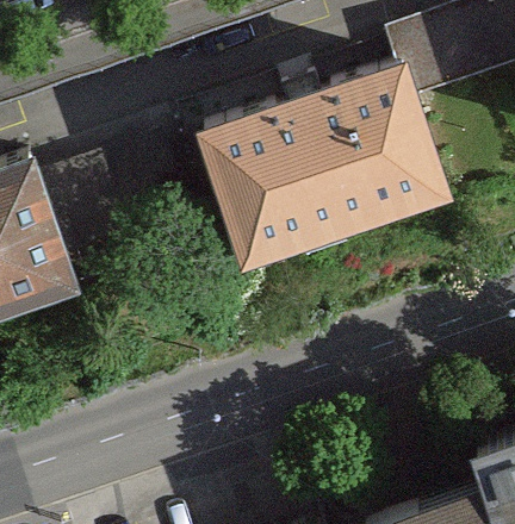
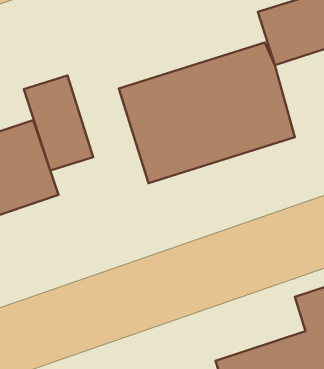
building: none -> [24,75,93,171]

